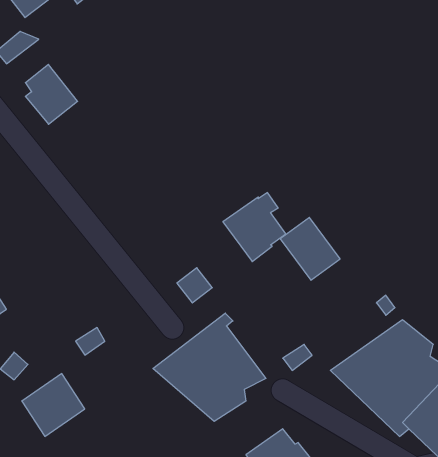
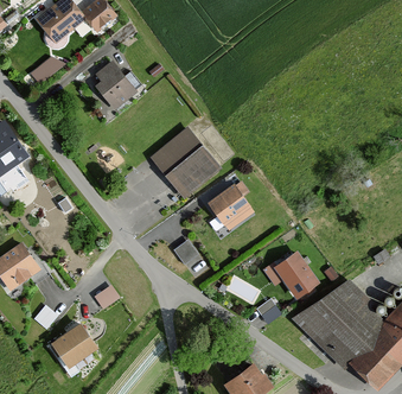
building: [25,64,78,124] -> [95,62,135,108]
building: none -> [151,128,217,196]
building: [280,217,340,280] -> [272,249,318,298]
building: [153,313,266,421] -> none

